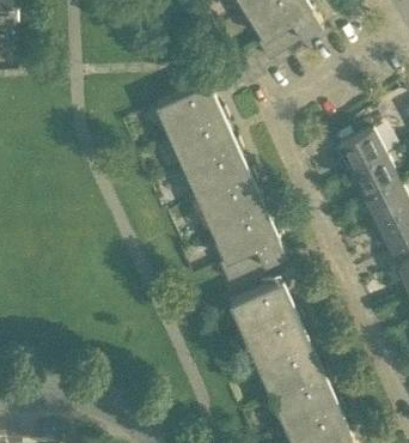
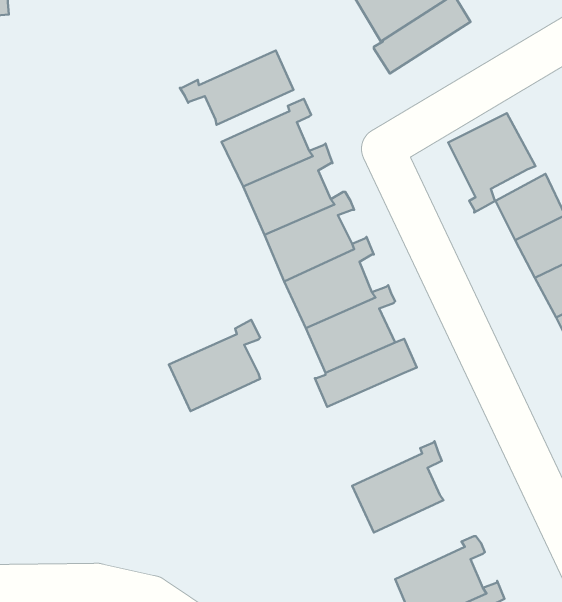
building: none -> [180,50,294,125]
building: none -> [448,113,536,212]
building: [225,265,286,326] -> [169,320,260,411]
building: [254,328,315,388] -> none

